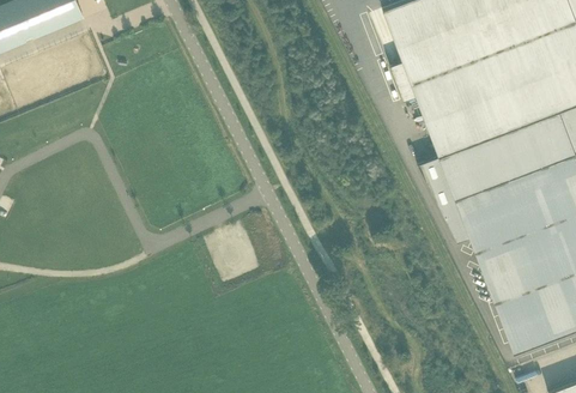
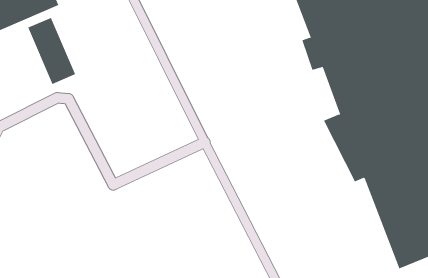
building: none -> [27,17,76,85]

